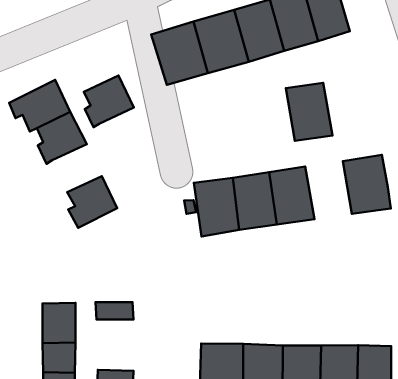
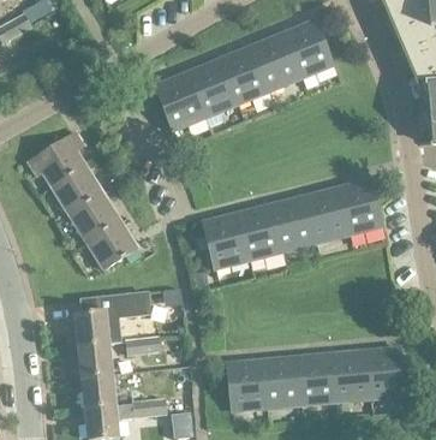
building: [84,76,134,127] -> [73,192,120,242]
building: [286,83,332,141] -> [304,184,351,239]
building: none -> [74,292,150,341]

